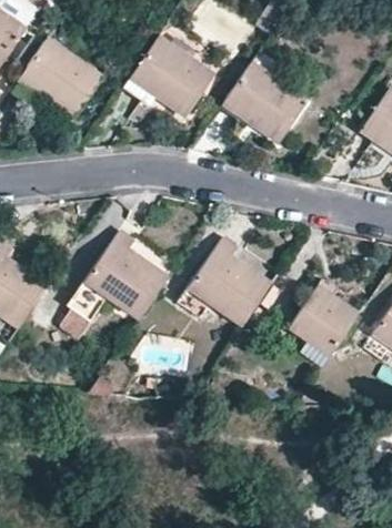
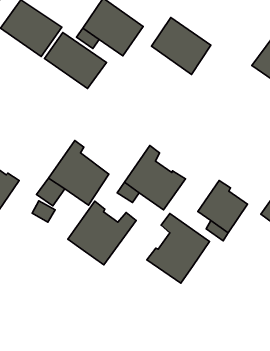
building: none -> [45,33,107,88]
building: none -> [68,201,136,265]
building: none -> [147,214,209,283]

